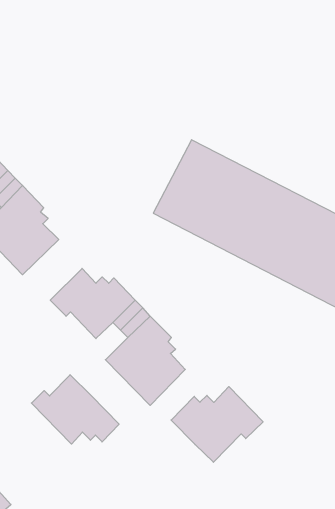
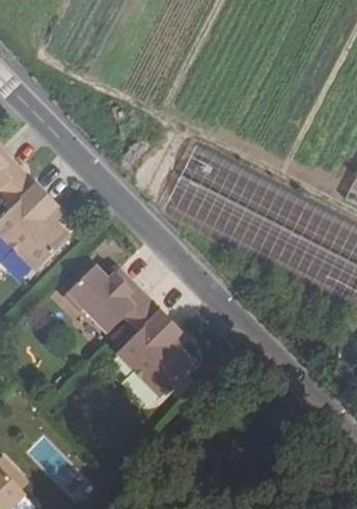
building: [31,375,119,444] -> none
building: [171,387,263,462] -> none

